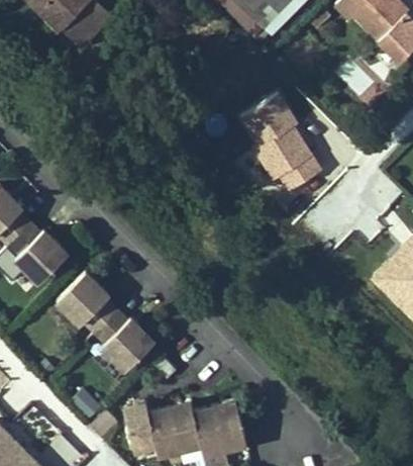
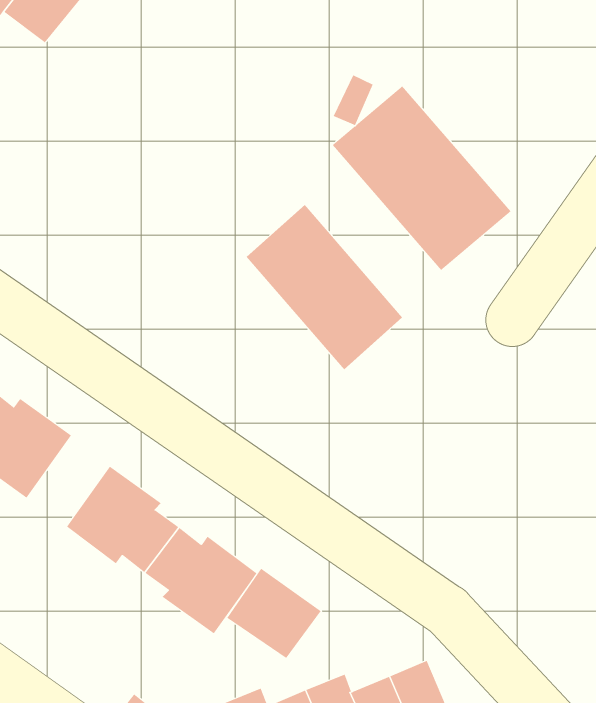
building: none -> [246,204,403,370]
building: none -> [226,568,321,659]

